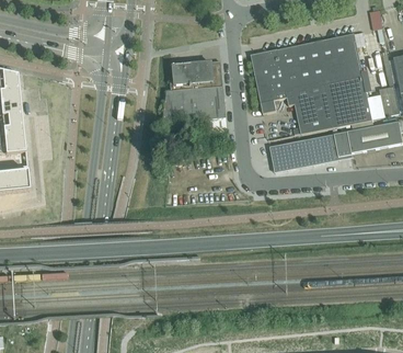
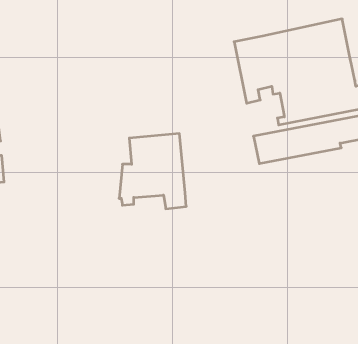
building: [162,59,227,132] -> [119,134,186,209]

